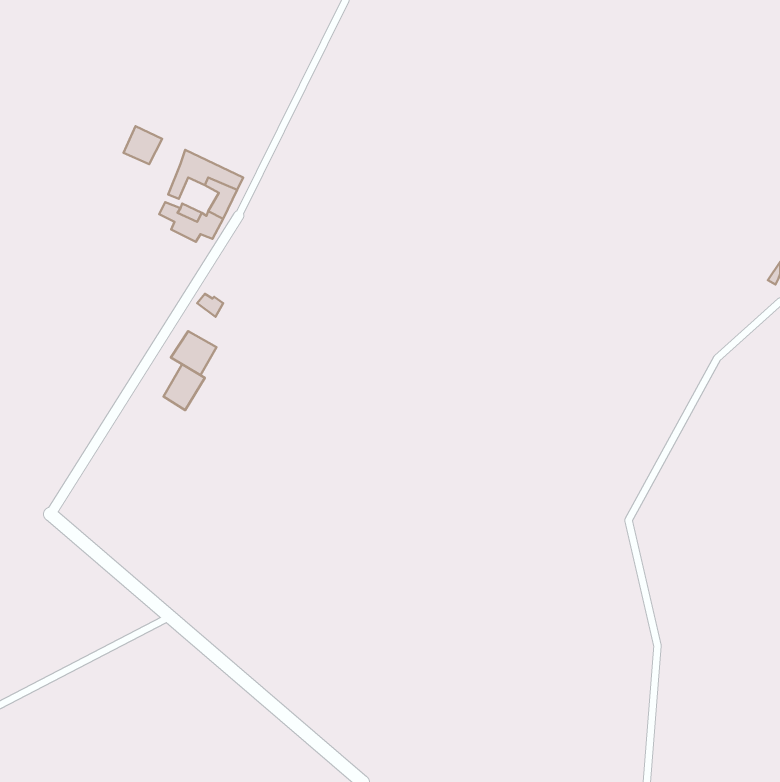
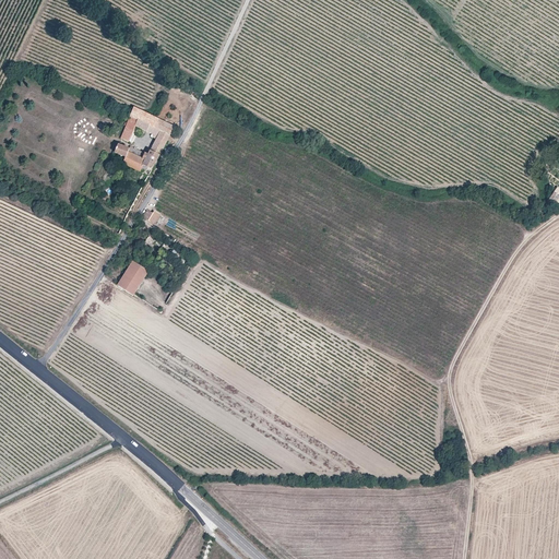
building: [124,126,162,164] -> none
building: [171,331,216,375] -> none

